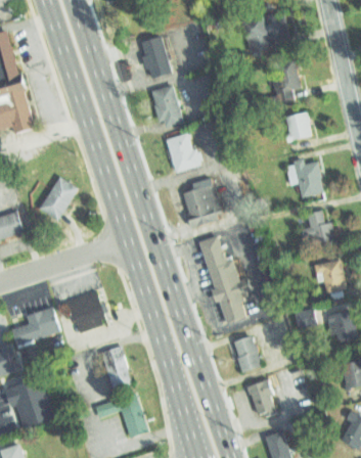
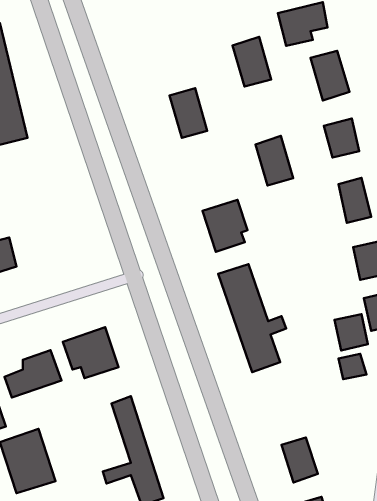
building: [137,36,170,78] -> [232,37,271,87]
building: [166,130,197,172] -> [255,136,293,186]
building: [40,176,76,217] -> none
building: none -> [334,314,368,350]
building: [232,336,261,370] -> none

